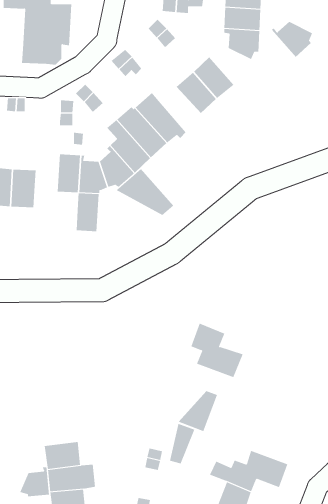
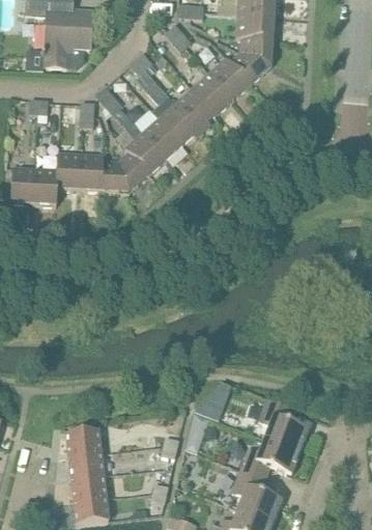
building: [271,21,313,58] -> [224,52,264,87]
building: none -> [176,89,216,133]
building: [116,168,174,216] -> none
building: [76,193,99,232] -> [57,152,80,190]
building: [191,323,244,378] -> [258,398,309,451]
building: [20,466,49,497] -> none

